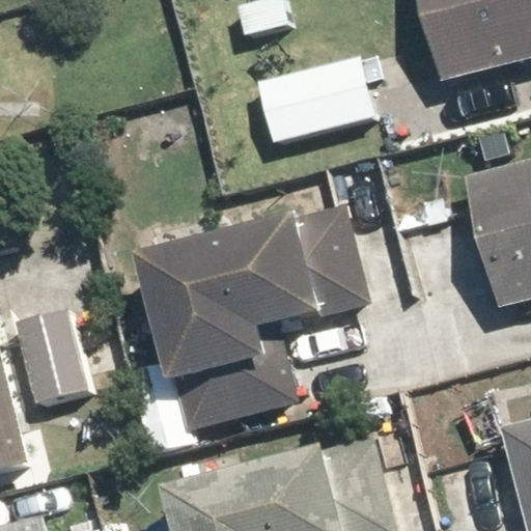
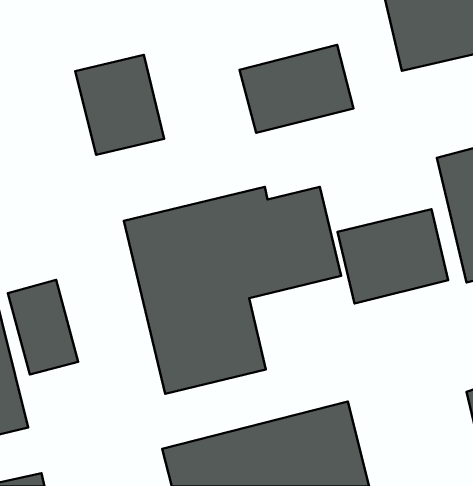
building: none -> [75,55,164,155]
building: none -> [337,209,448,304]

